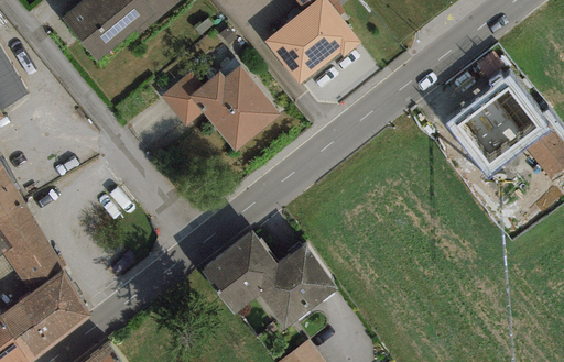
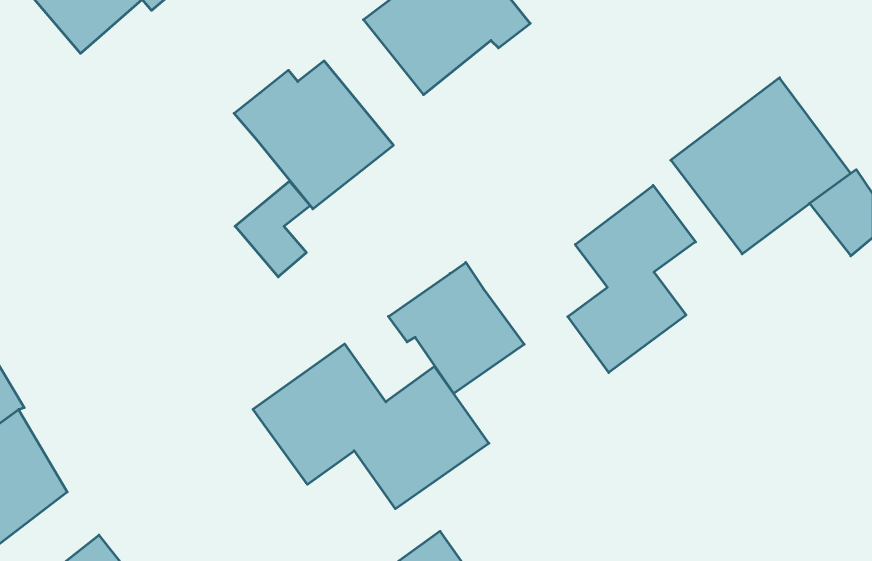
building: [159,68,203,124] -> [235,181,310,277]
building: none -> [568,185,696,373]
building: none -> [388,262,524,394]

